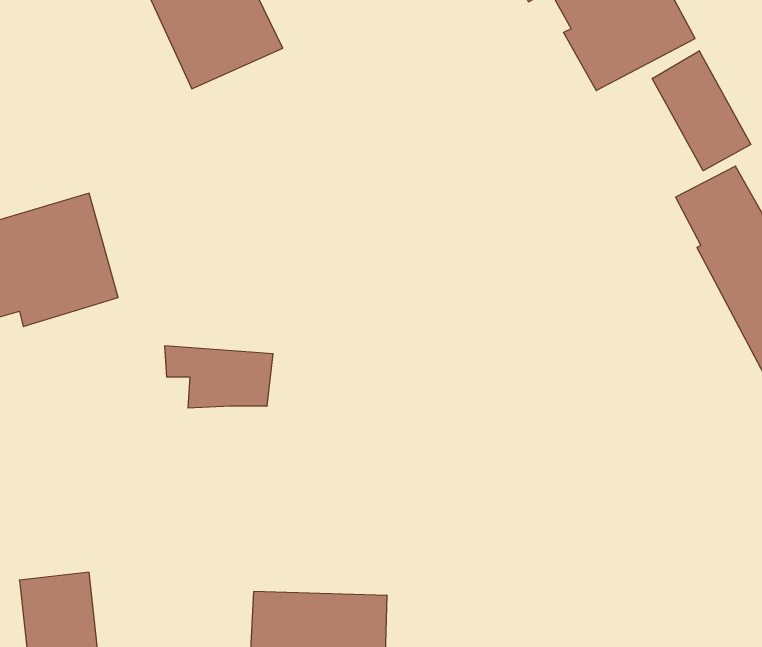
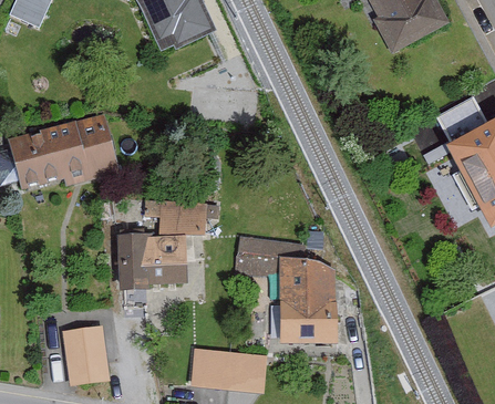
building: [652,51,751,171] -> none
building: none -> [118,234,185,290]
building: none -> [234,237,337,341]

